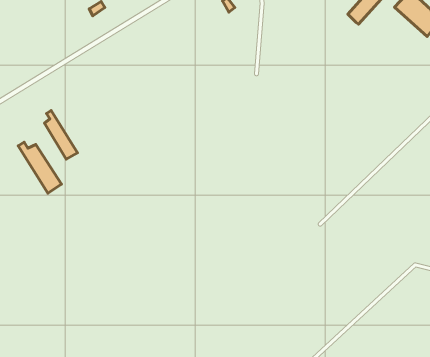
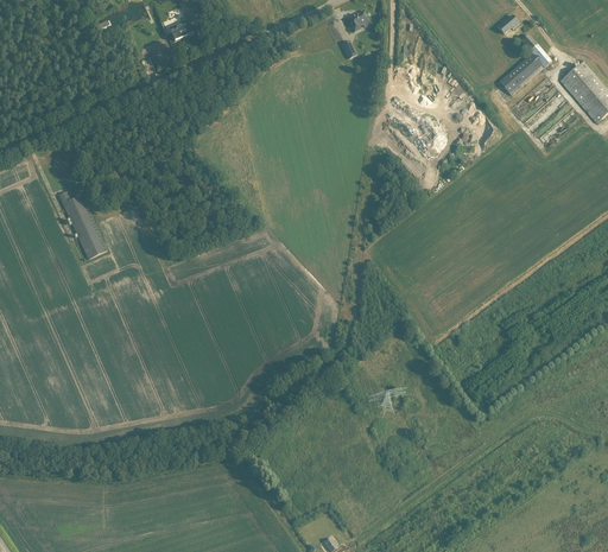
building: [45,110,77,159] -> none

